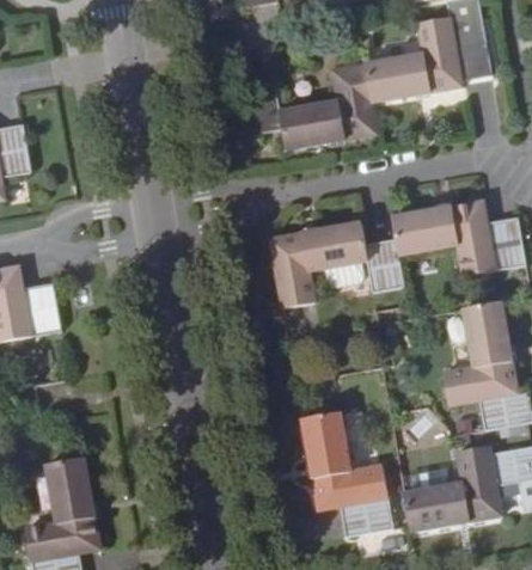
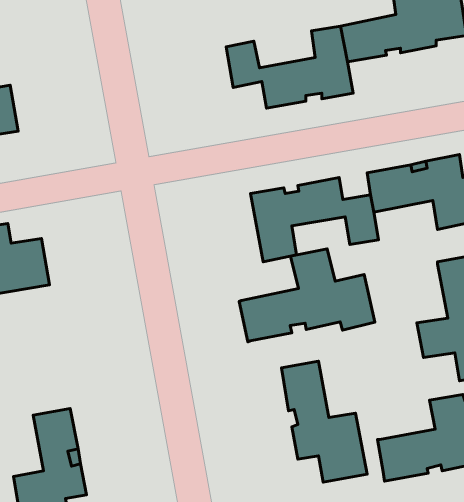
building: none -> [239,249,375,342]

